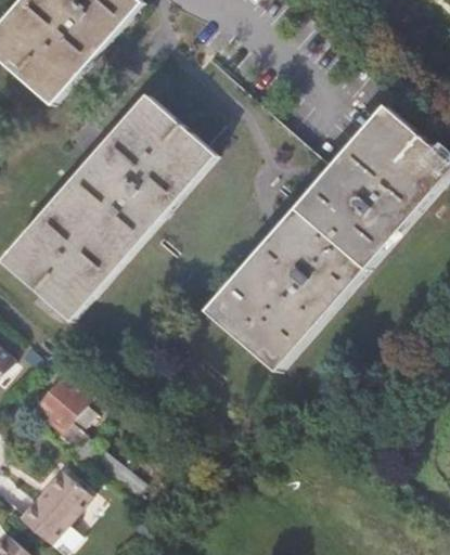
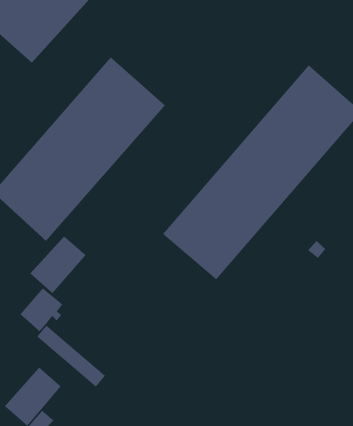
building: none -> [29,235,86,294]

